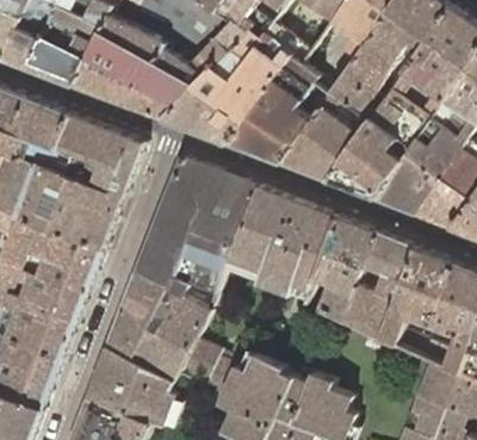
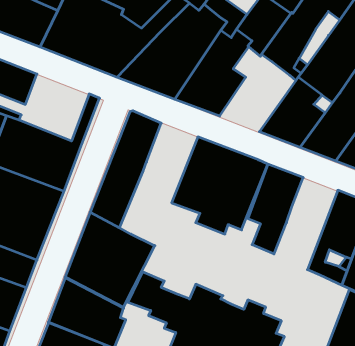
building: [280,93,367,181] -> none
building: [51,116,131,192] -> none
building: [166,172,254,311] -> none
building: [342,234,415,339] -> none

